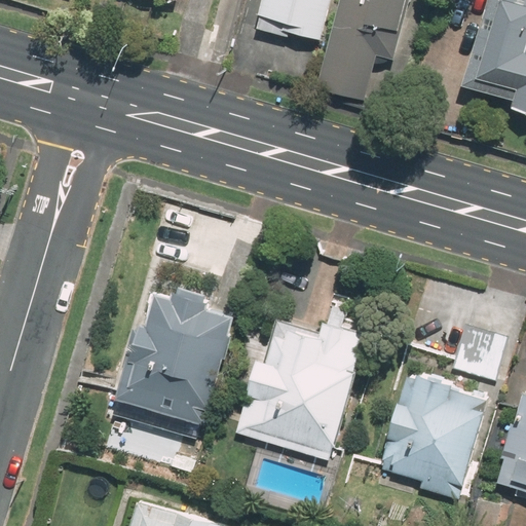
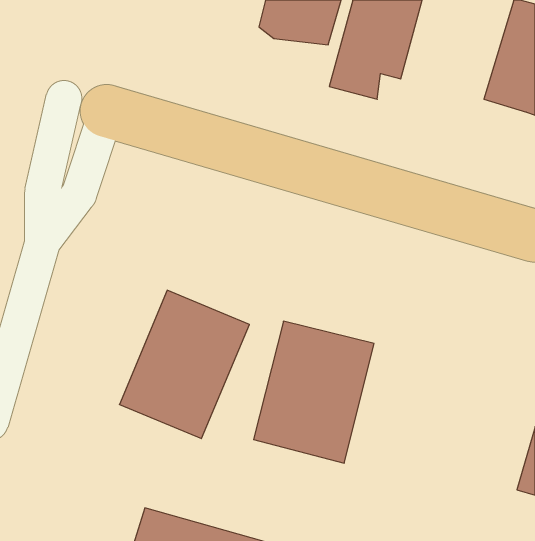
building: [448,326,501,378] -> none
building: [376,372,492,498] -> none

